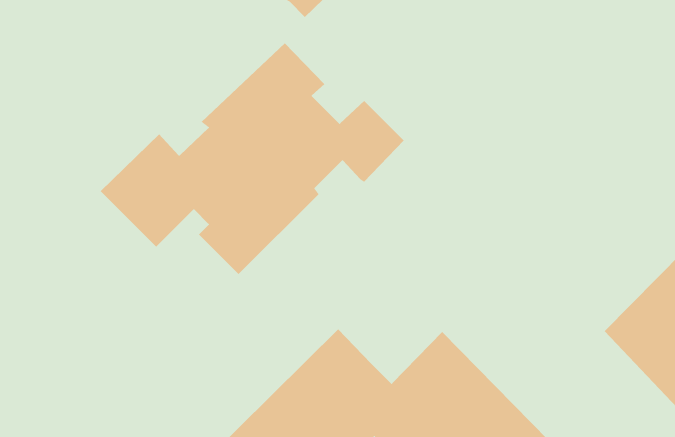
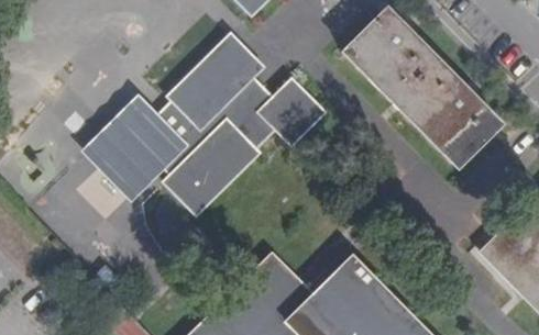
building: none -> [341,11,499,169]

